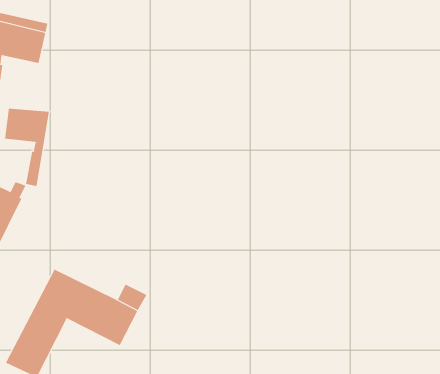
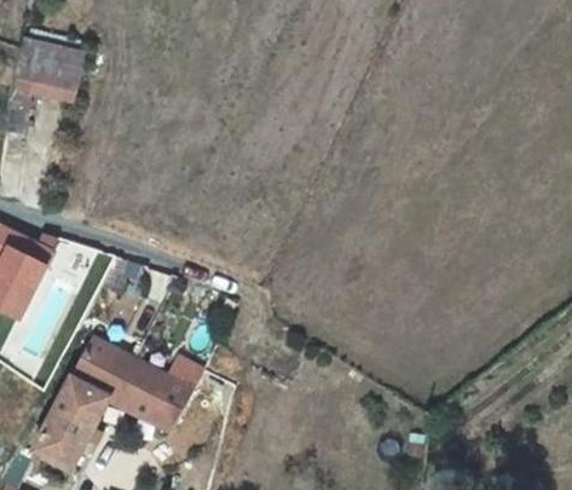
building: [4,108,50,187] -> none

